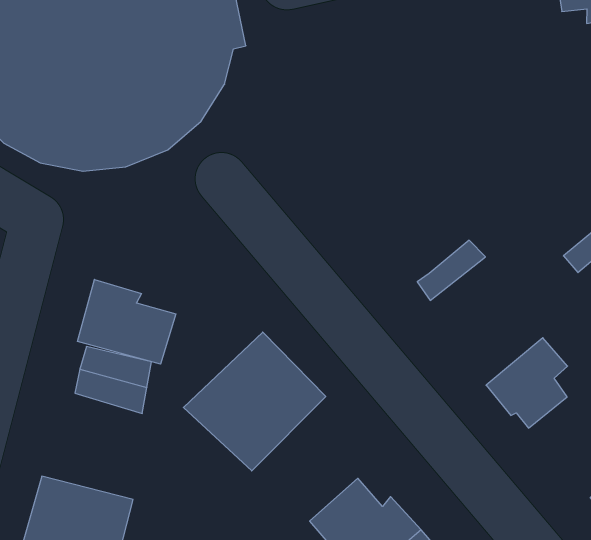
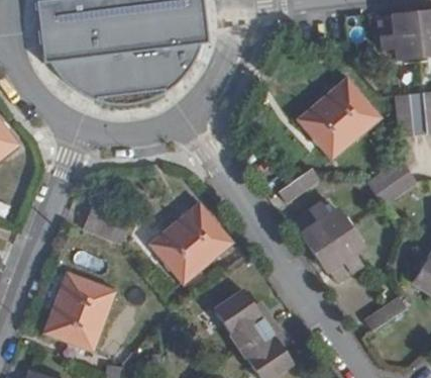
building: none -> [295,77,379,157]
building: [77,279,176,364] -> none
building: none -> [301,201,352,247]

